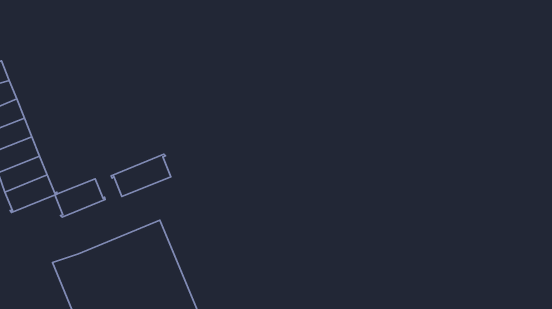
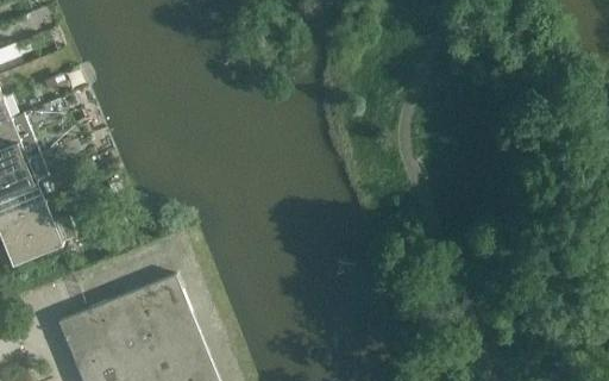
building: [111,154,171,197] -> none
building: [55,179,105,217] -> none

